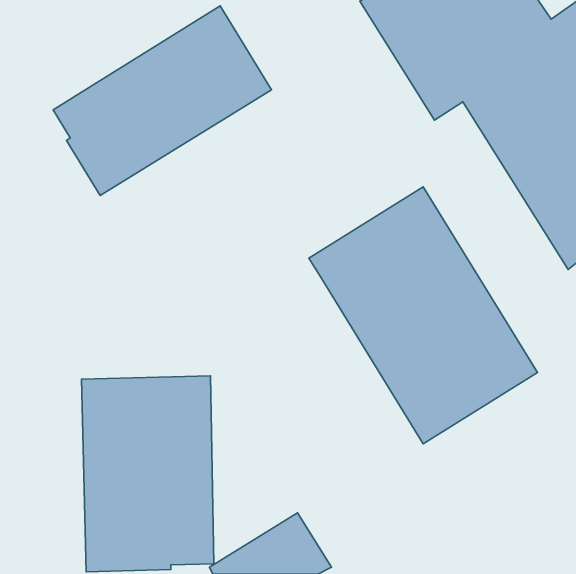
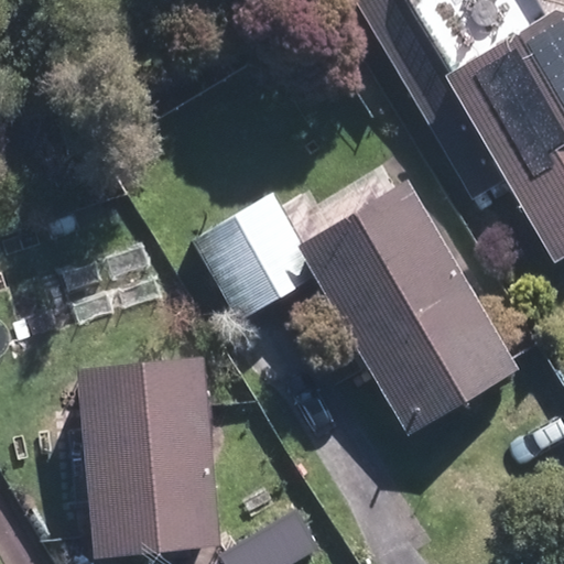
building: [53,6,271,196] -> none
building: none -> [191,193,315,319]

